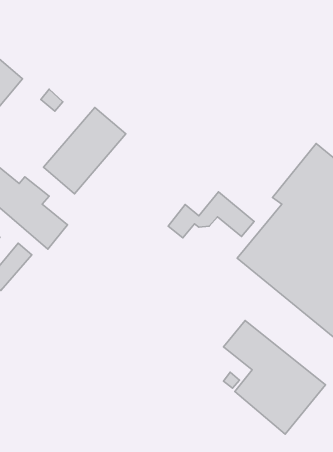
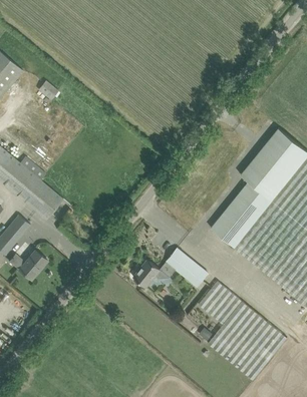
building: [44,107,126,194] -> none
building: [168,192,254,238] -> [133,248,209,288]
building: none -> [10,250,48,279]

